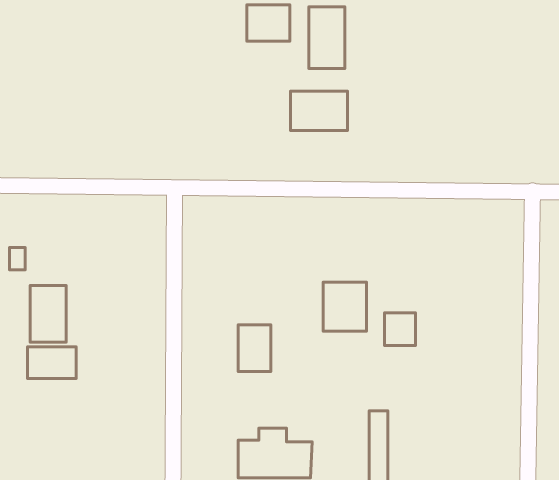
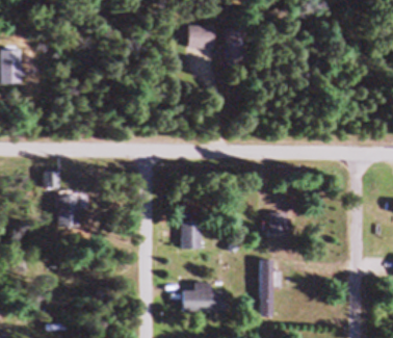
building: [291,91,347,130] -> none
building: [323,282,366,331] -> none
building: [27,347,76,379] -> none

